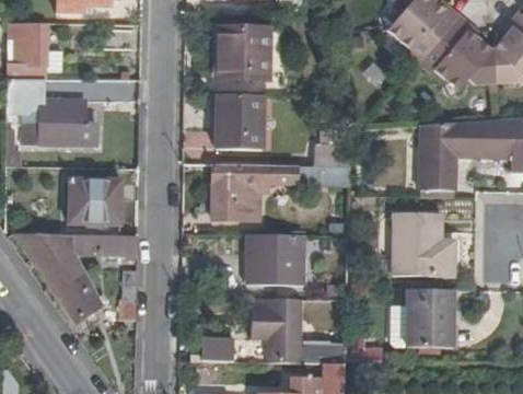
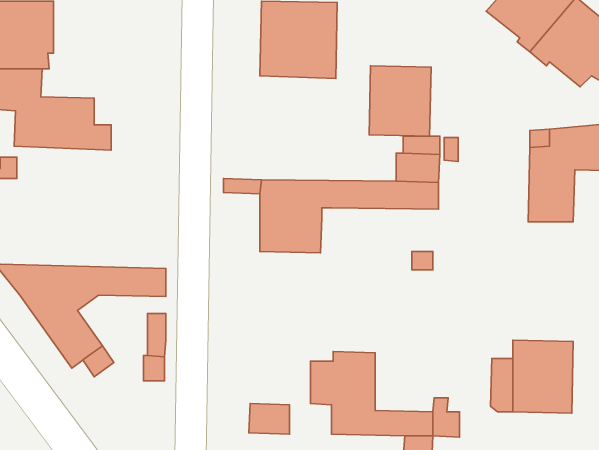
building: [216,94,264,149] -> [369,66,431,136]
building: [68,176,123,224] -> none
building: [392,213,455,276] -> none
building: [249,234,306,286] -> none

